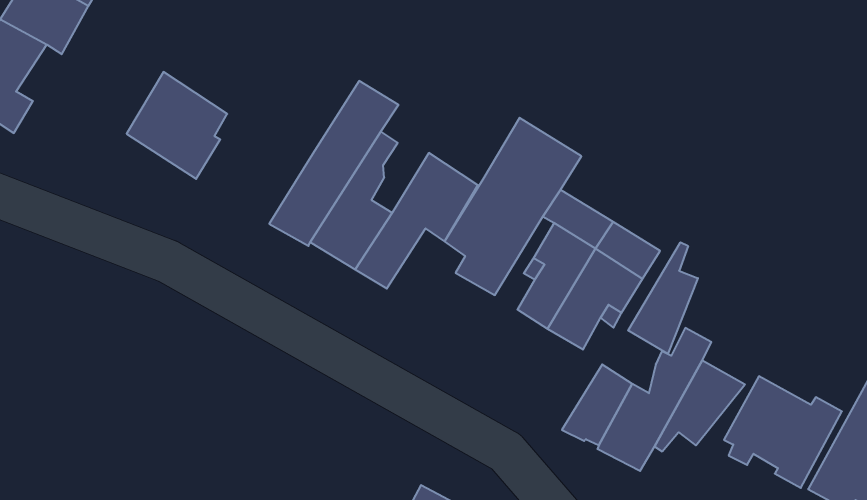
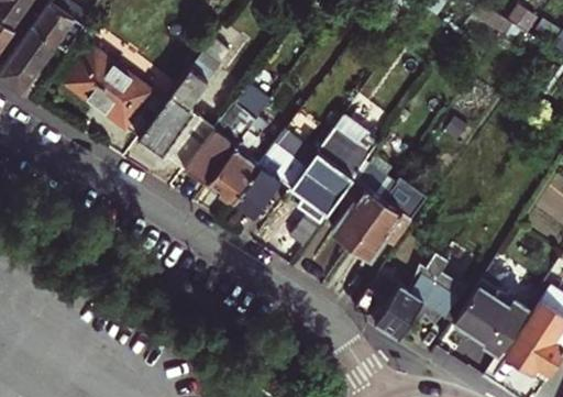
building: none -> [141,38,228,169]
building: none -> [68,49,125,108]
building: [628,242,698,354] -> none

